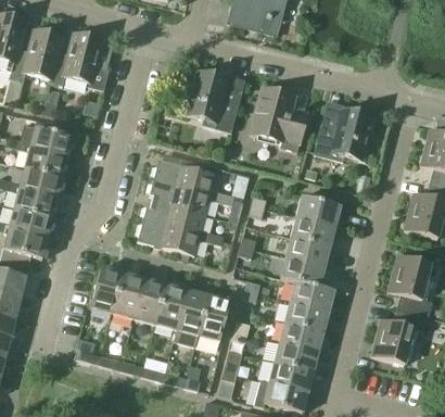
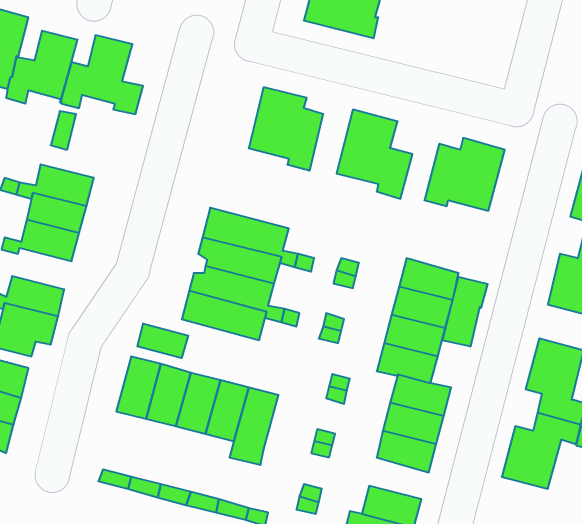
building: [14,187,58,217] -> none
building: none -> [443,277,488,347]
building: none -> [138,323,188,358]
building: [198,294,230,340] -> none
building: [275,340,318,370] -> none

